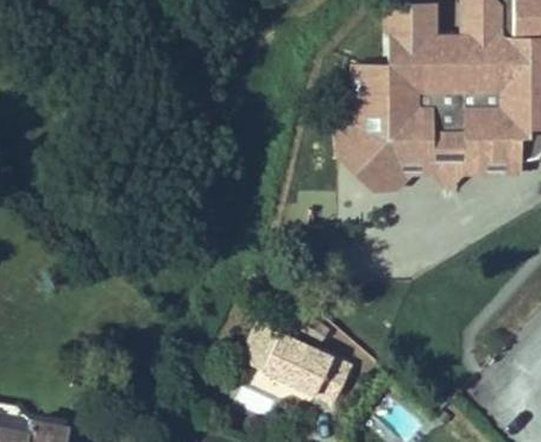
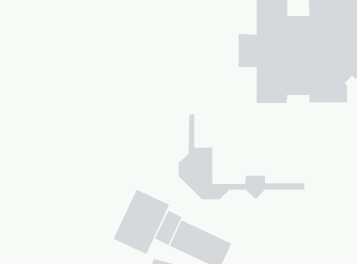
building: [338,64,522,189] -> [178,114,305,200]
building: none -> [113,189,170,255]

